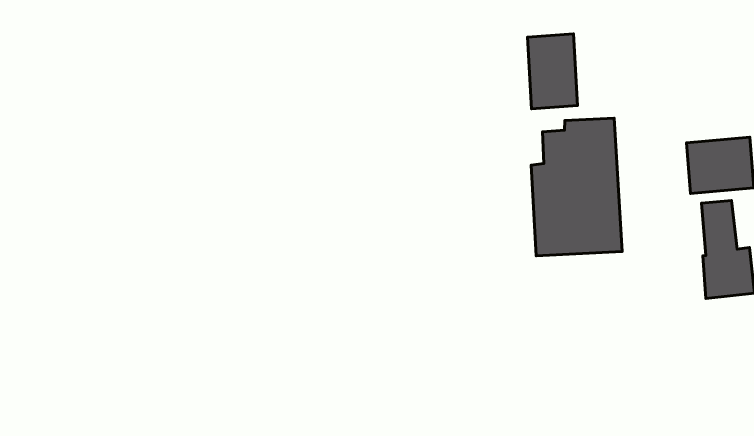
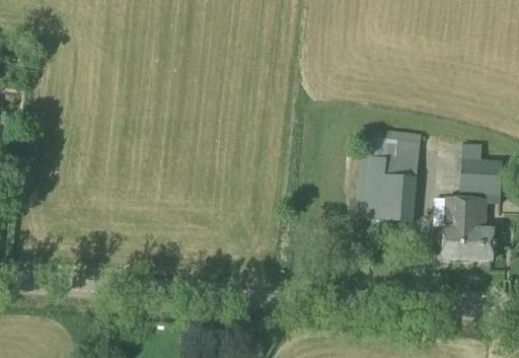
building: [527,34,577,109] -> none
building: none -> [443,197,466,259]

